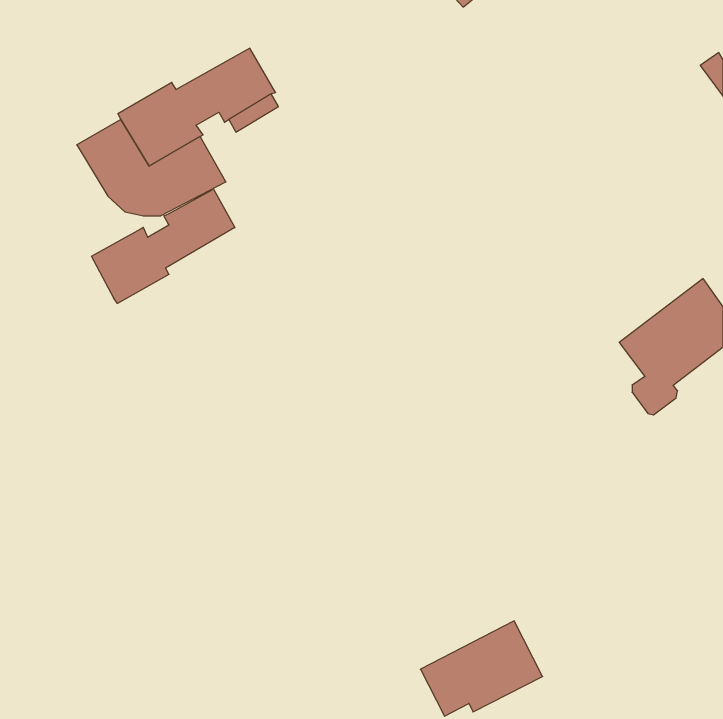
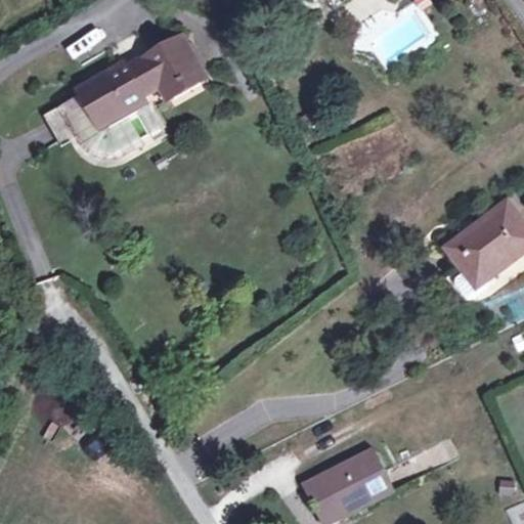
building: [92,189,235,303] -> none

